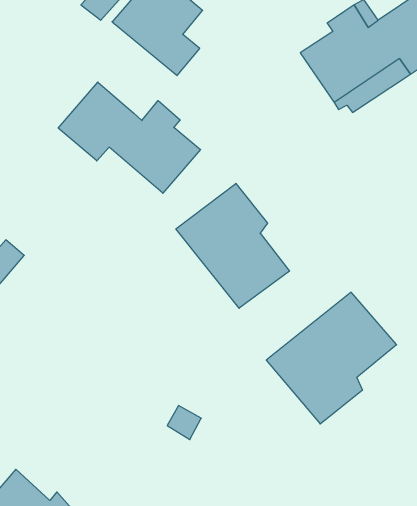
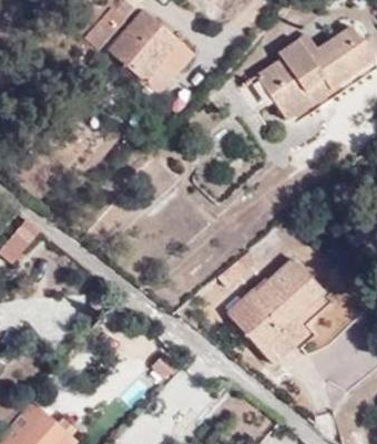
building: [58,82,201,193] -> none
building: [176,183,290,308] -> none

